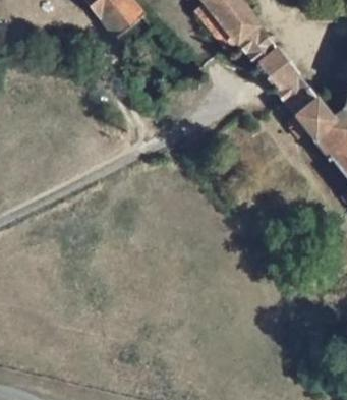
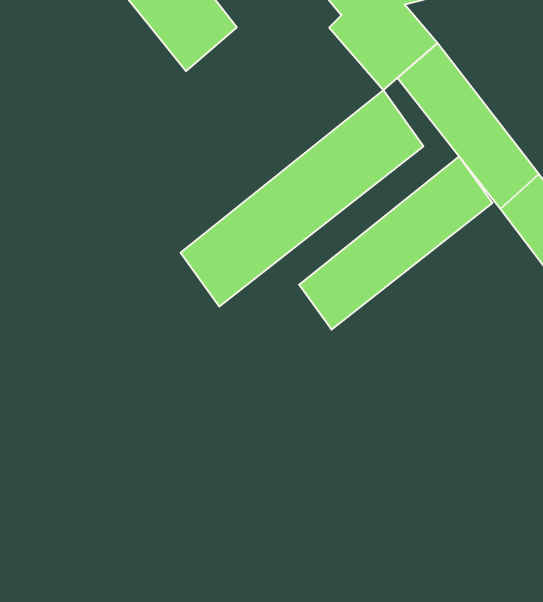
building: none -> [181,90,423,307]
building: none -> [299,156,492,330]

